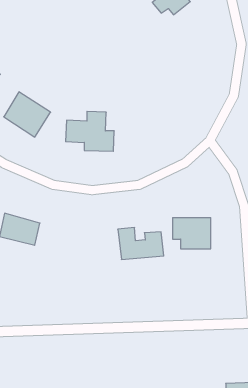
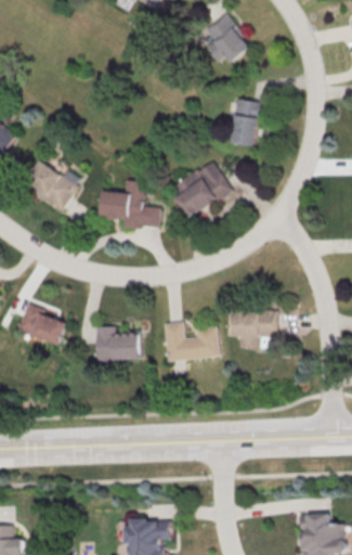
building: none -> [233,99,261,146]
building: none -> [169,159,233,219]
building: none -> [96,330,141,360]

